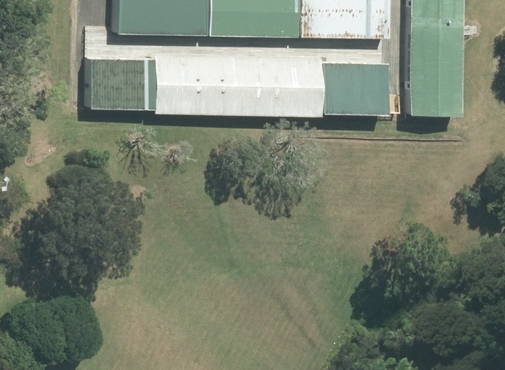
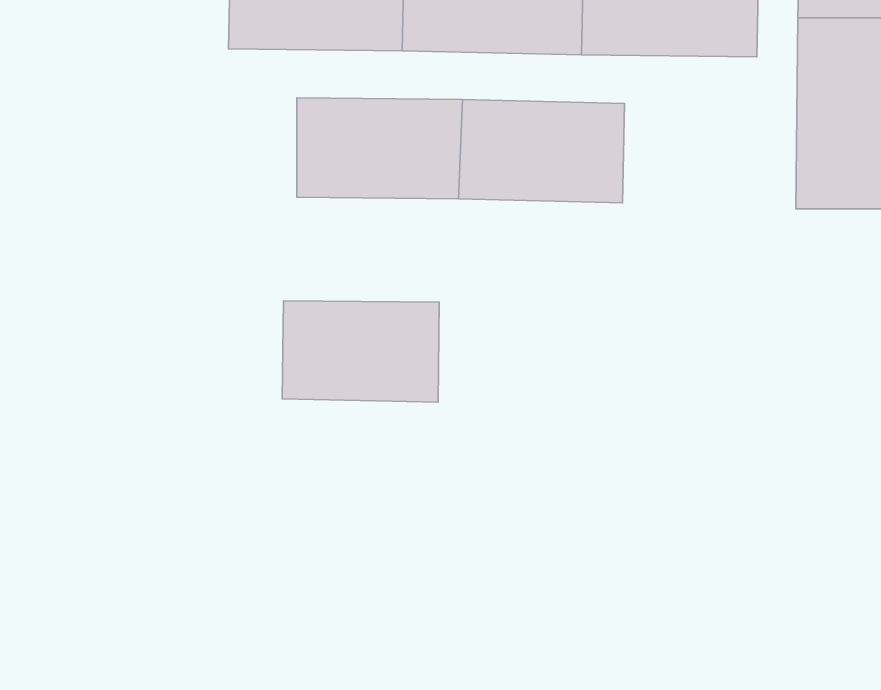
building: [89,59,153,110] -> none
building: [320,62,388,114] -> none
building: none -> [282,301,439,402]

